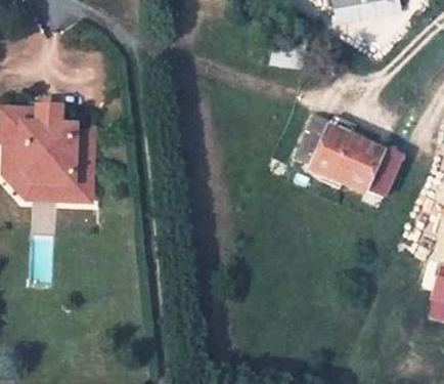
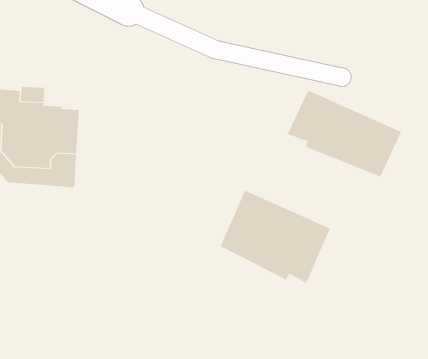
building: none -> [220,190,330,284]

